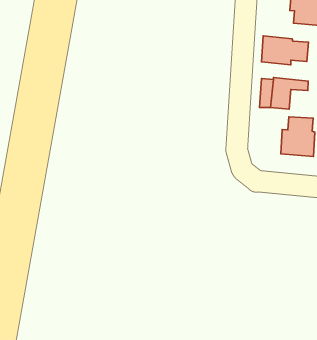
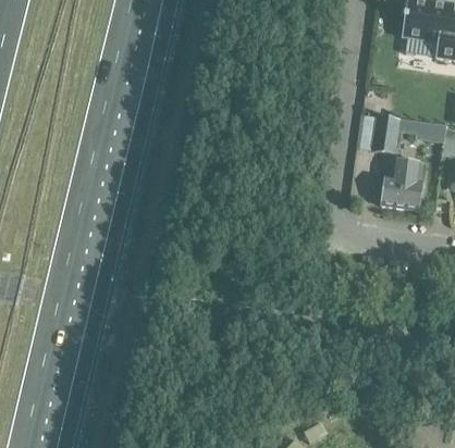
building: [262,36,309,65] -> none

